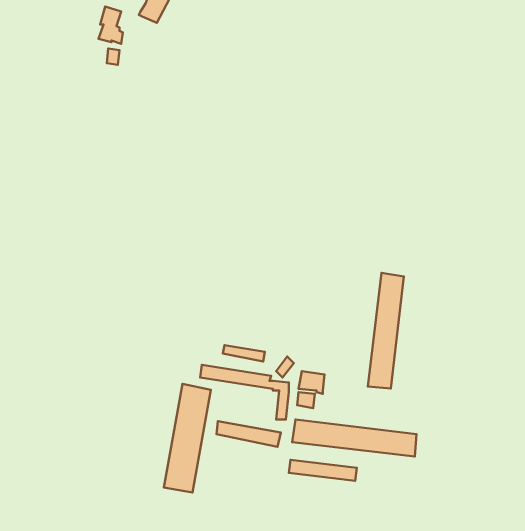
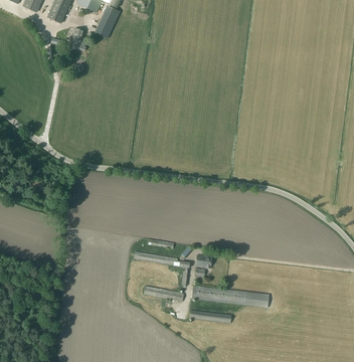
building: [368,273,404,389] -> none
building: [164,384,211,492] -> none

